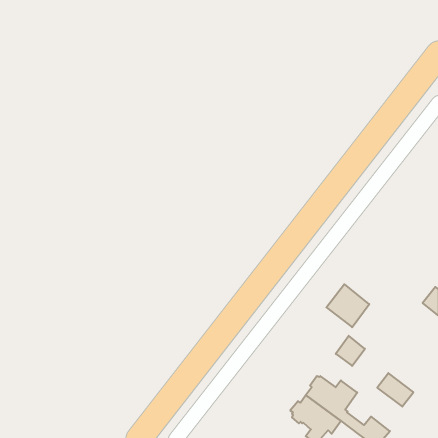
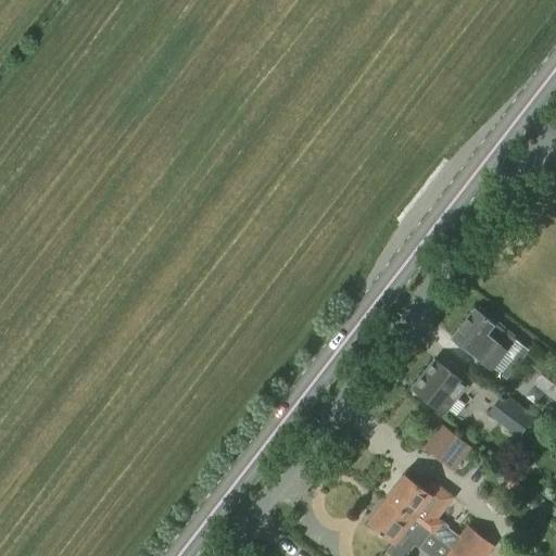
building: none -> [453,311,515,370]
building: [377,373,413,407] -> [489,395,534,438]

